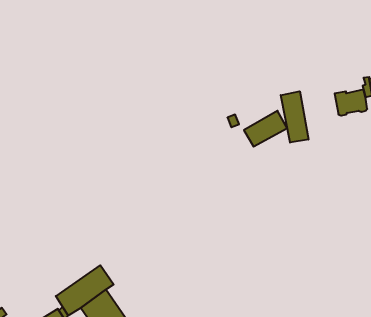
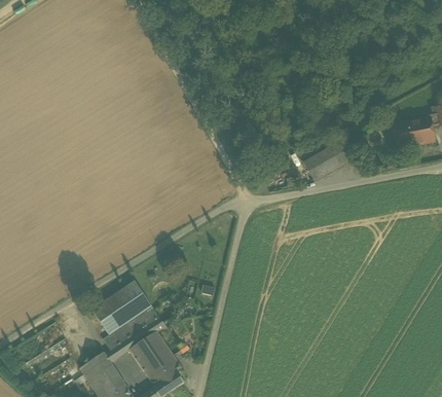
building: [281,91,308,143] -> none
building: none -> [91,281,150,334]

